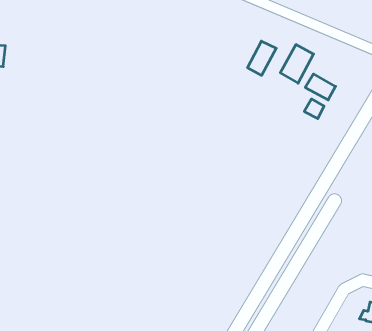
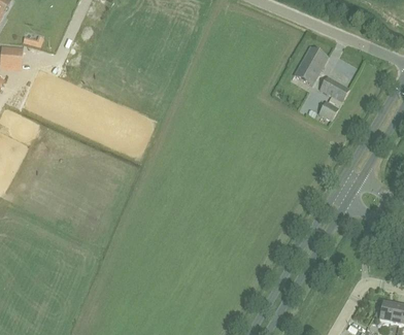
building: [248,41,276,75] -> none

